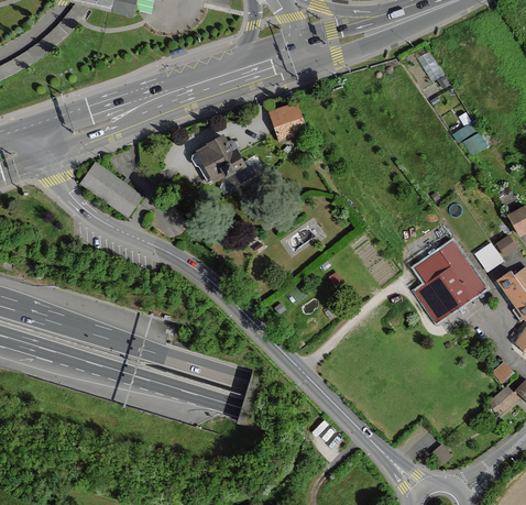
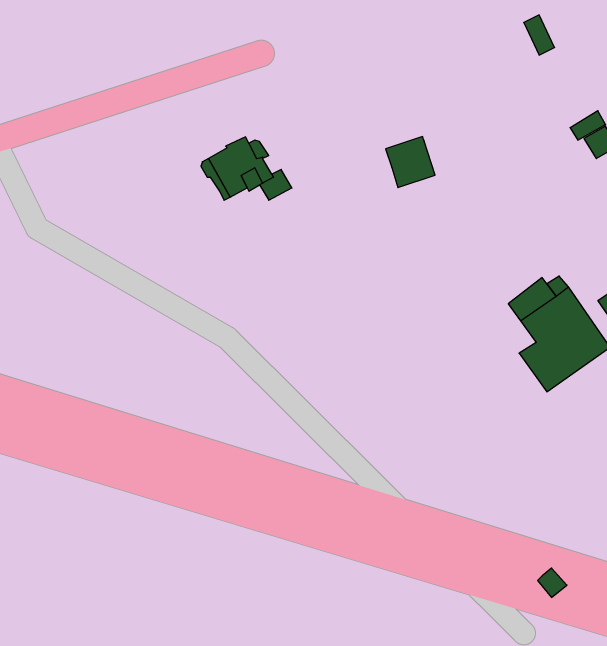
building: [272,103,307,140] -> [386,137,435,188]
building: [81,162,143,216] -> none

